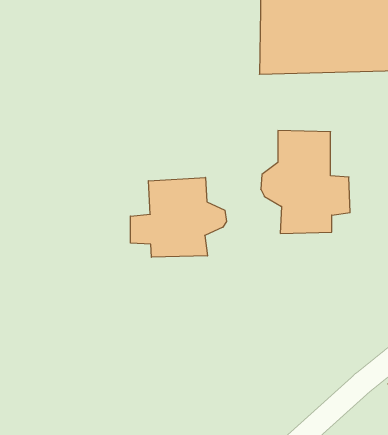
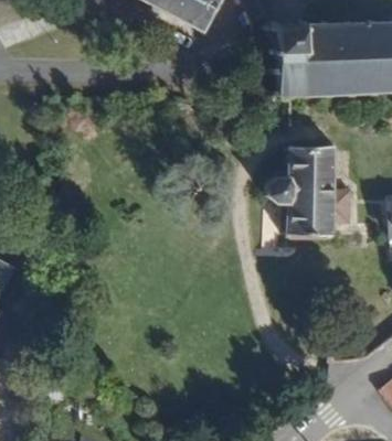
building: [130,177,227,257] -> none

